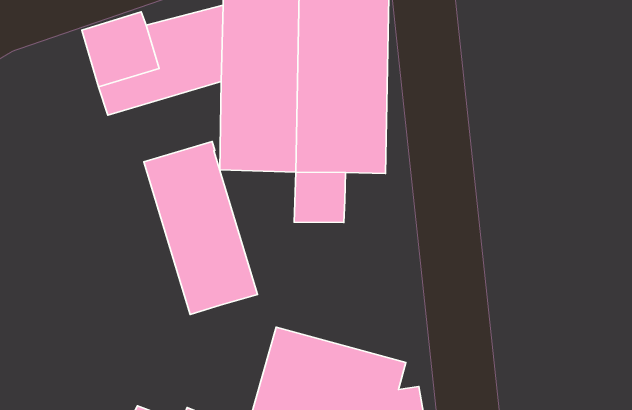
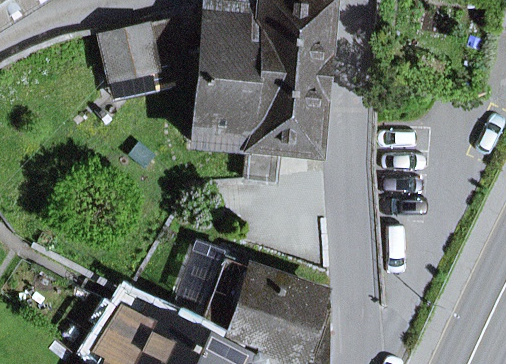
building: [144,142,257,315] -> none

